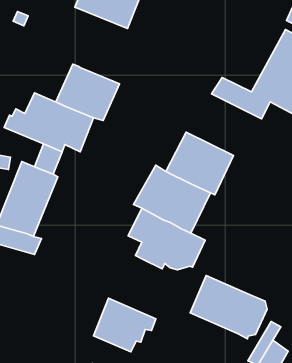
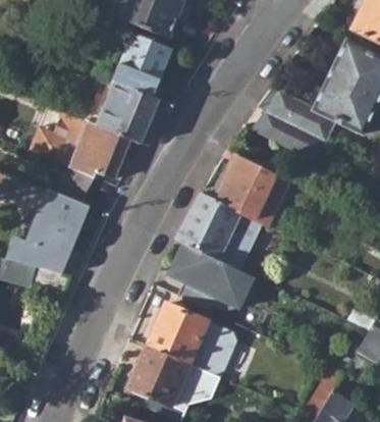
building: none -> [112,30,172,96]
building: none -> [251,110,321,160]
building: [190,275,267,339] -> [147,301,234,373]

